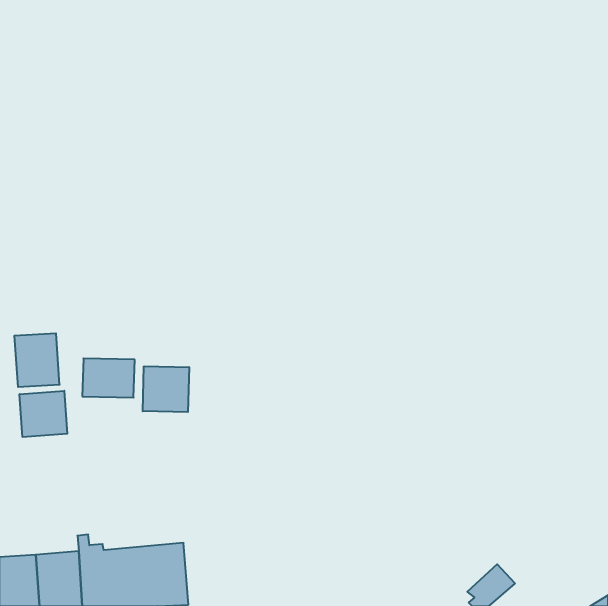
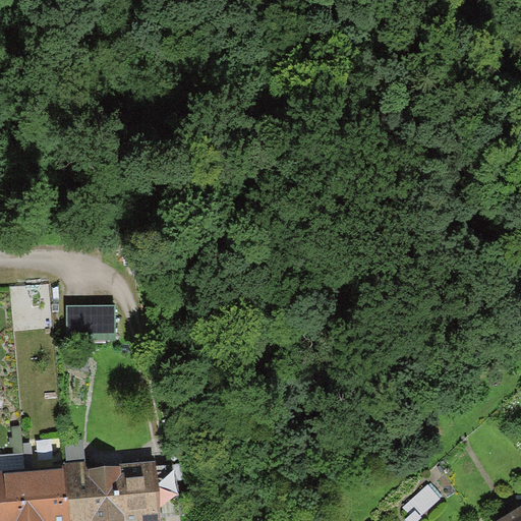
building: [143,366,189,412] -> none
building: [20,391,67,437] -> none

